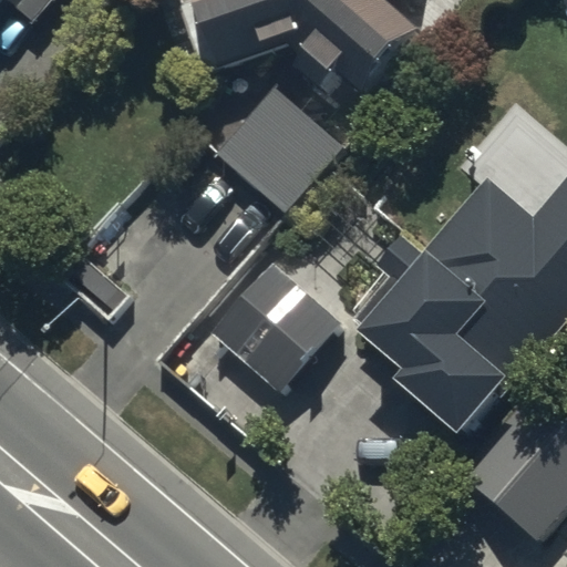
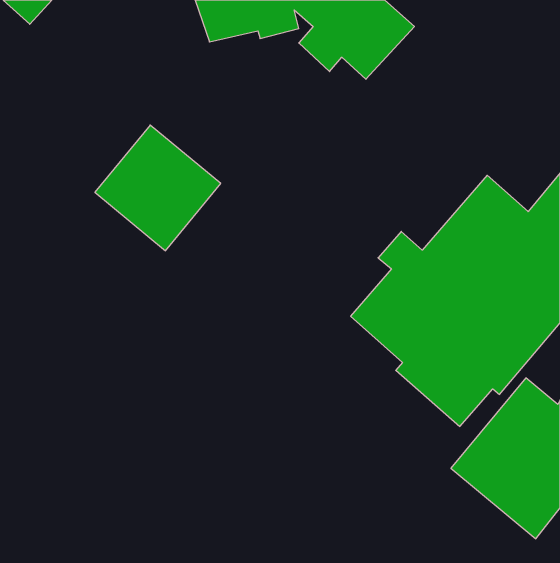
building: [215,85,341,212] -> [95,125,221,251]
building: [208,259,344,395] -> none

